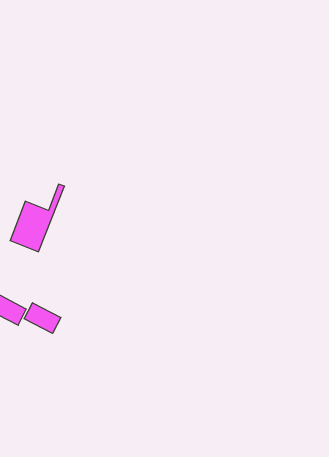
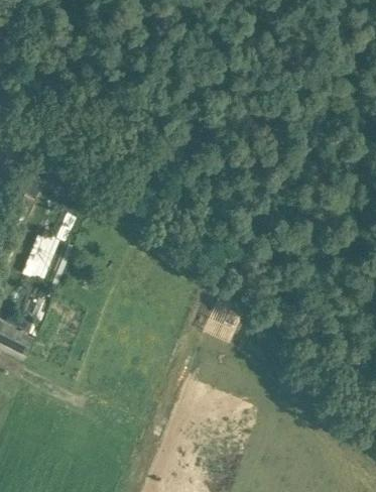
building: [24,303,61,333] -> none

